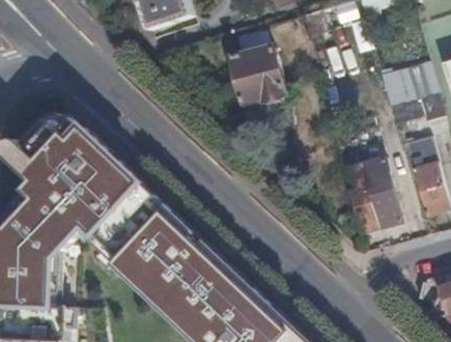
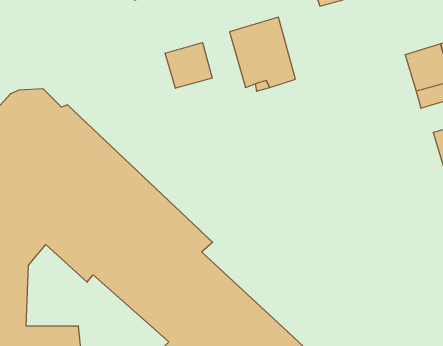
building: none -> [165,43,212,88]
building: [341,156,401,232] -> none

